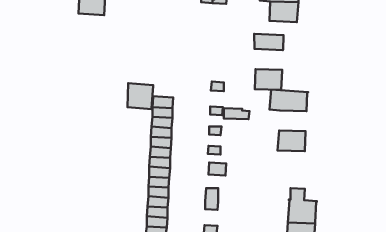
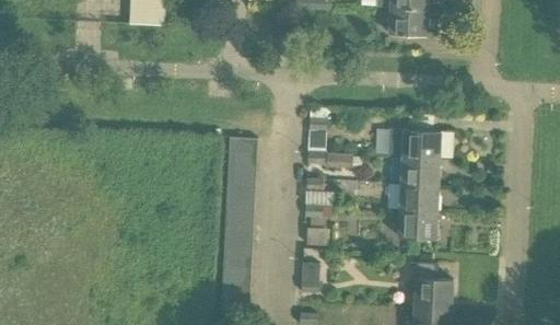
building: [254,34,283,50] -> none
building: [255,69,282,90] -> [401,155,439,184]
building: [127,83,153,109] -> none
building: none -> [398,210,436,239]

